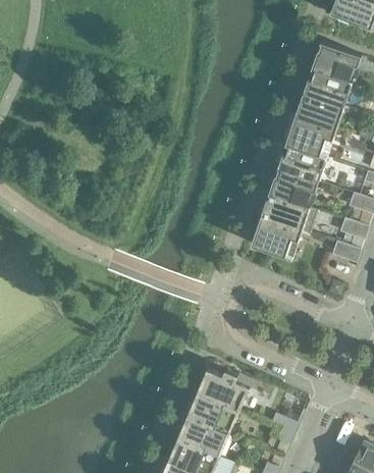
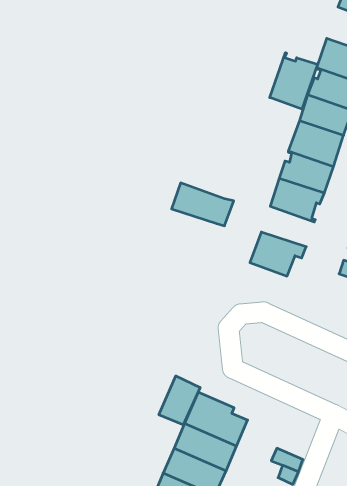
building: none -> [270,53,318,109]
building: [262,194,318,232] -> [172,183,234,226]
building: none -> [159,376,200,425]

